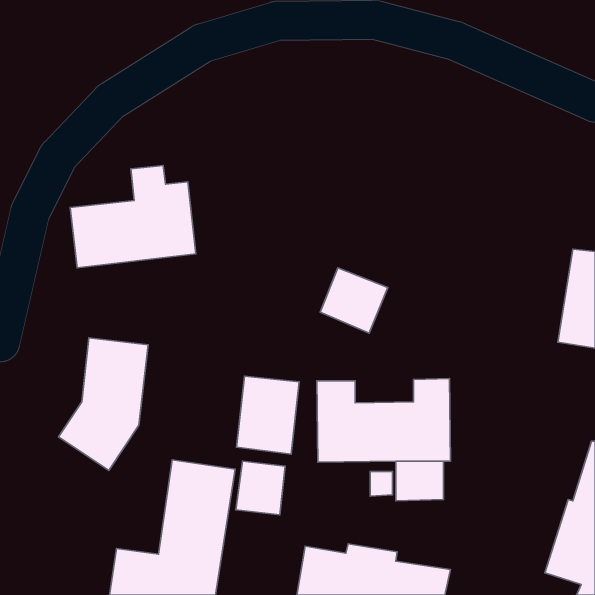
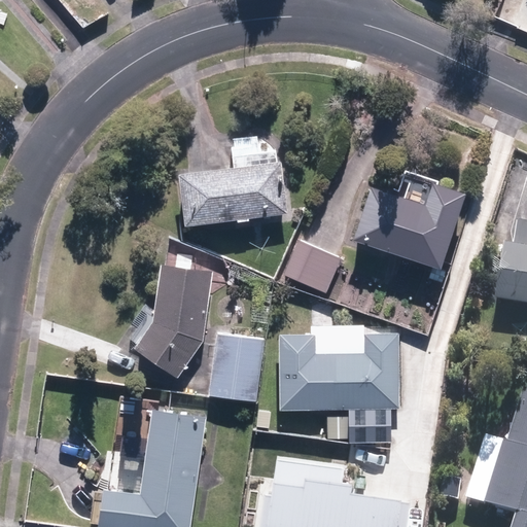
building: [70,165,196,268] -> [177,136,288,226]
building: none -> [351,171,466,270]
building: [59,338,148,471] -> [134,261,213,379]
building: [236,461,285,515] -> none

